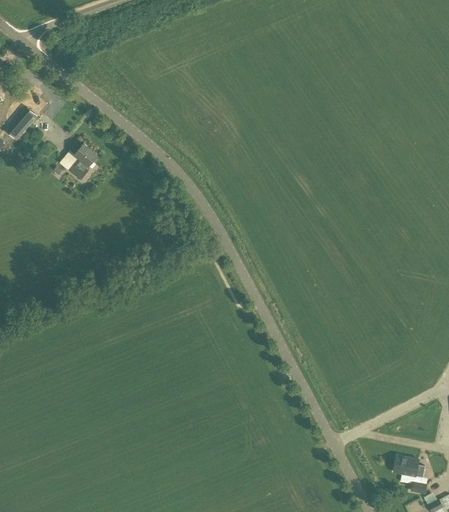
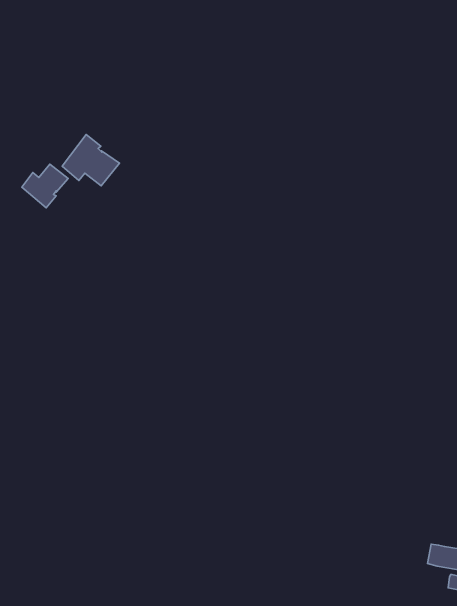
building: none -> [62,135,119,186]

